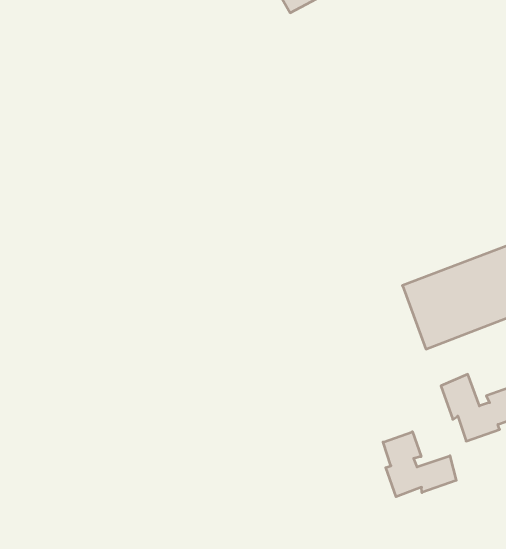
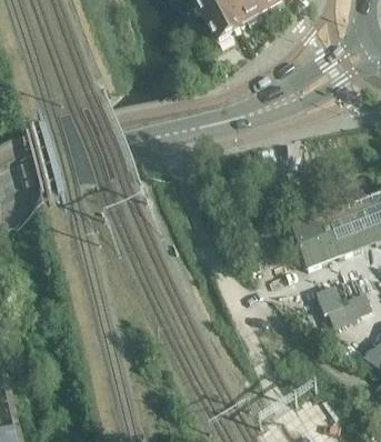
building: [383,432,456,497] -> none

